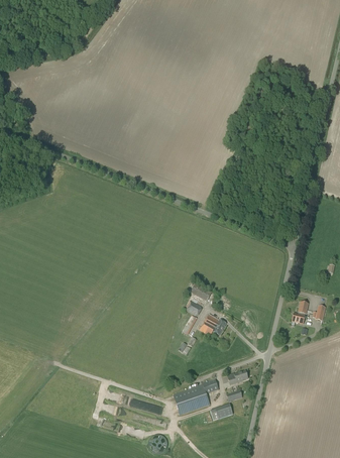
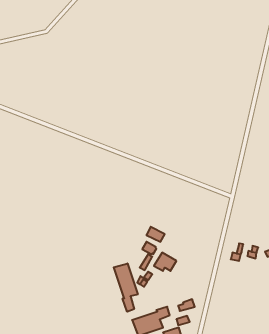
building: none -> [114,263,138,312]

